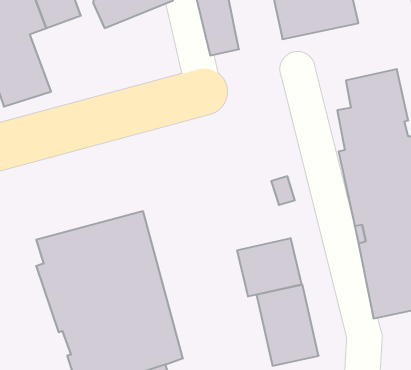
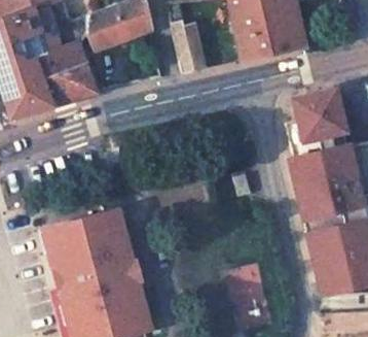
building: none -> [33,41,95,104]
building: [237,238,301,297] -> none

